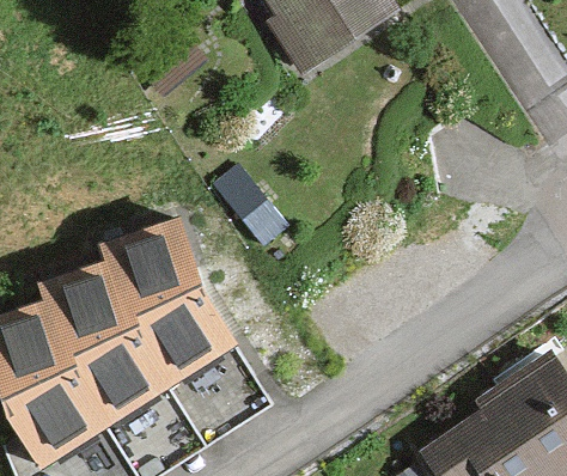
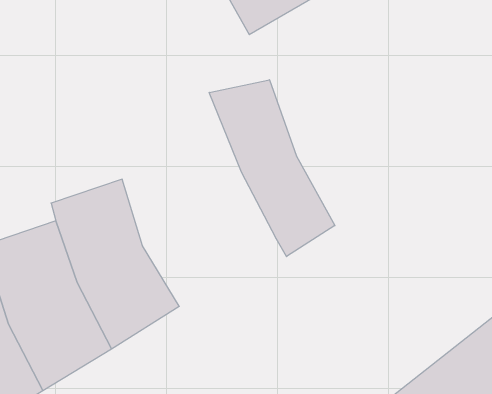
building: none -> [209,80,335,257]

